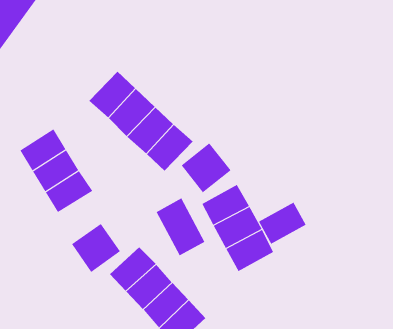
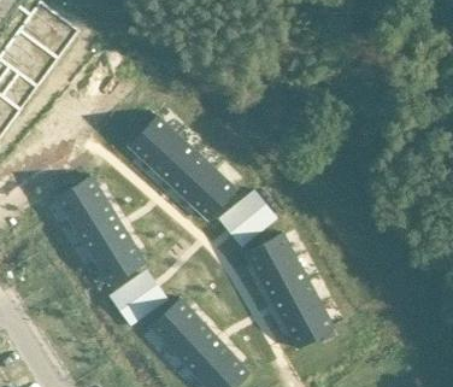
building: none -> [94,240,145,285]
building: [156,198,205,256] -> none
building: [258,202,307,245] -> [283,304,334,348]

